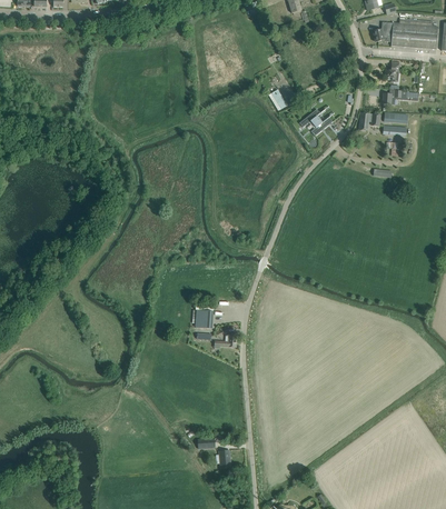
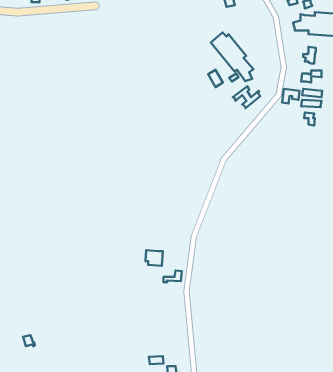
building: none -> [211,32,254,81]

